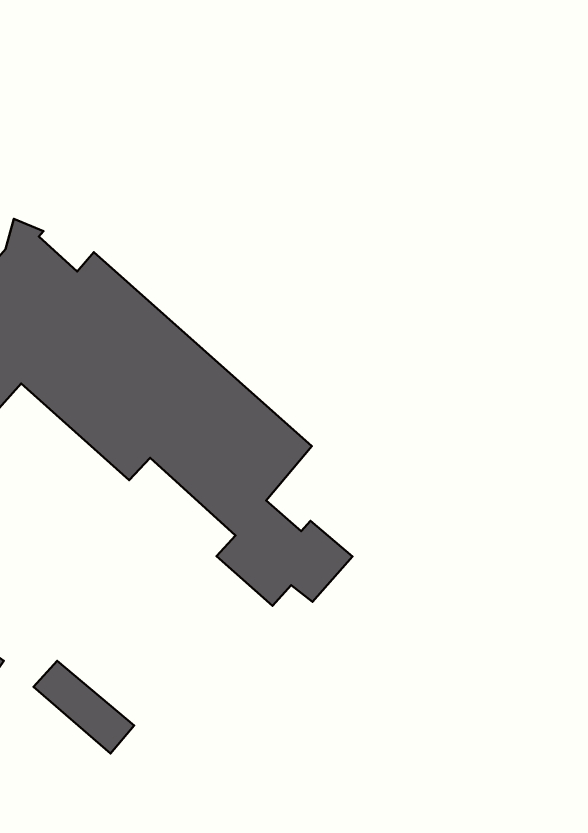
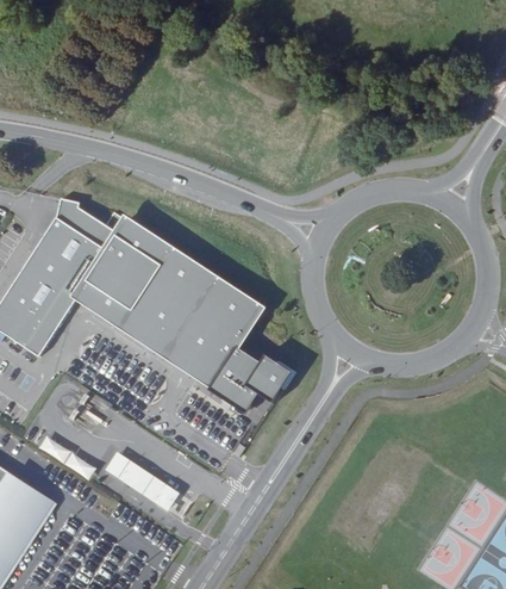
building: none -> [152,329,221,383]

